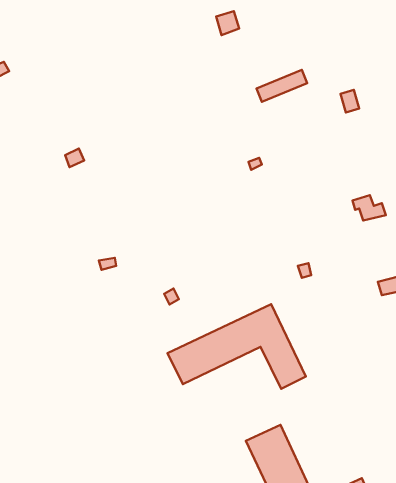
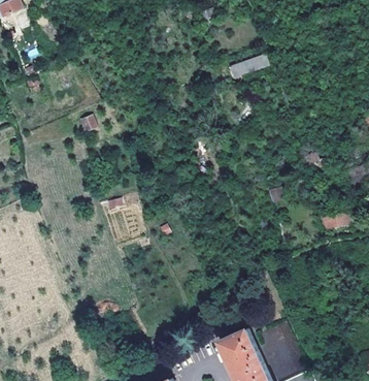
building: [168,304,306,389] -> none

